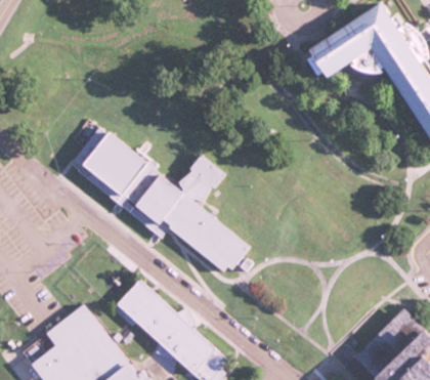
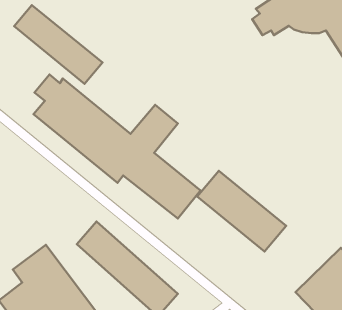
building: none -> [14,5,102,84]
building: none -> [197,171,286,252]

